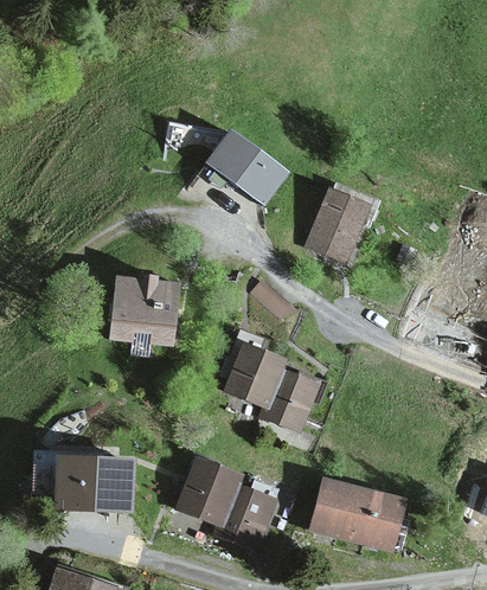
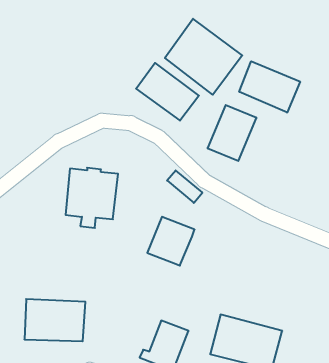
building: none -> [165,19,242,95]
building: none -> [239,61,300,113]
building: [257,368,321,435] -> none
building: [174,455,244,527] -> none

